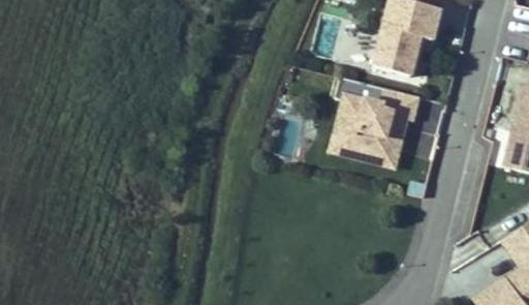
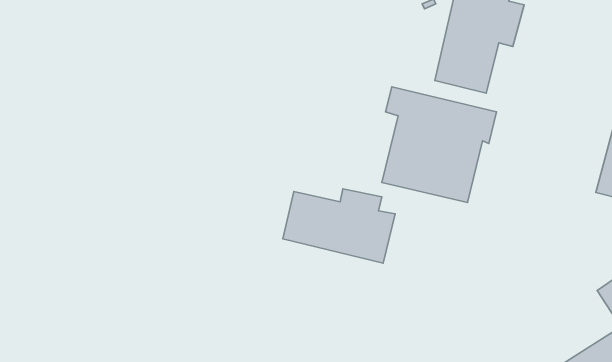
building: none -> [283,189,395,263]

